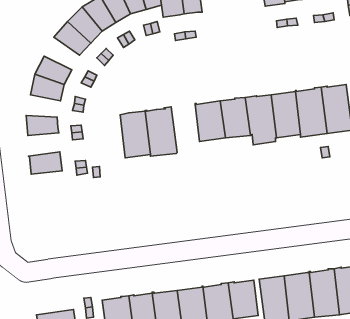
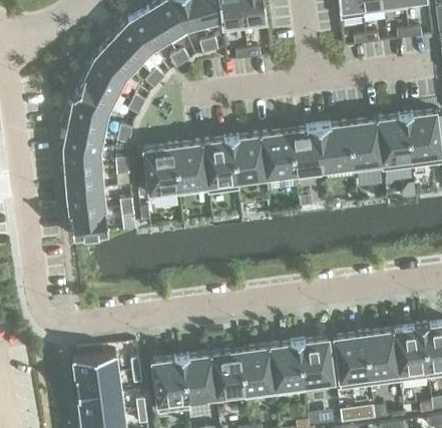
building: none -> [85,56,126,94]
building: none -> [64,123,104,149]
building: none -> [233,134,266,181]
building: none -> [144,146,179,199]
building: none -> [66,167,103,194]
building: none -> [70,211,109,238]
building: none -> [73,352,119,379]

